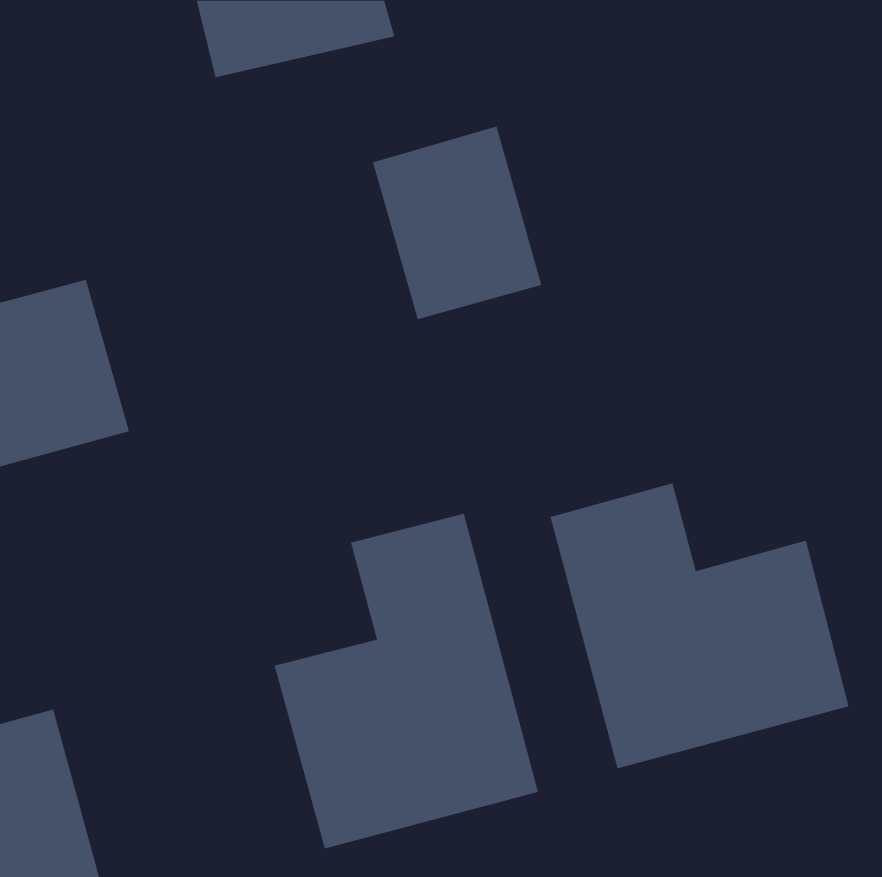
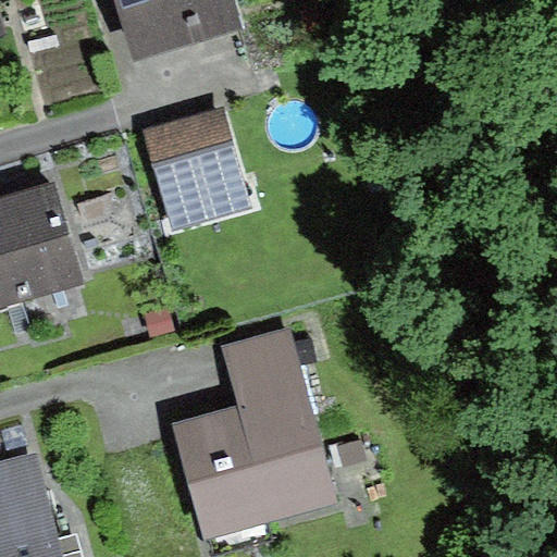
building: [372,126,542,320] -> [144,110,250,232]
building: [550,483,849,769] -> none

